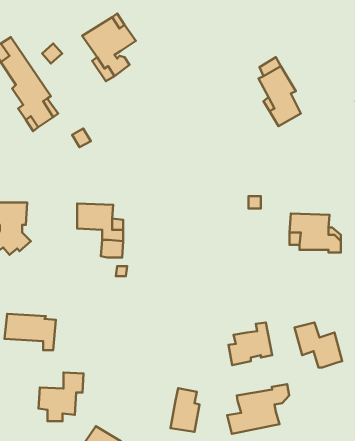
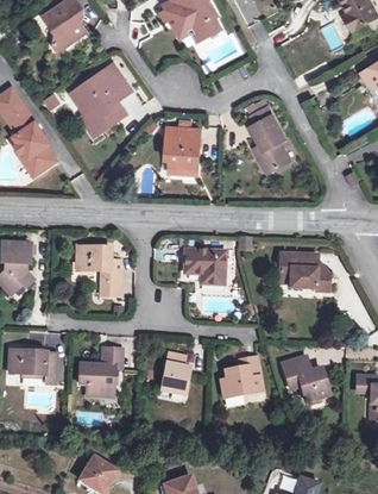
building: none -> [165,132,199,171]
building: none -> [183,248,225,282]
building: [39,372,84,421] -> [80,349,122,395]
building: [227,384,289,434] -> none
building: [171,388,199,432] -> [162,351,189,393]

